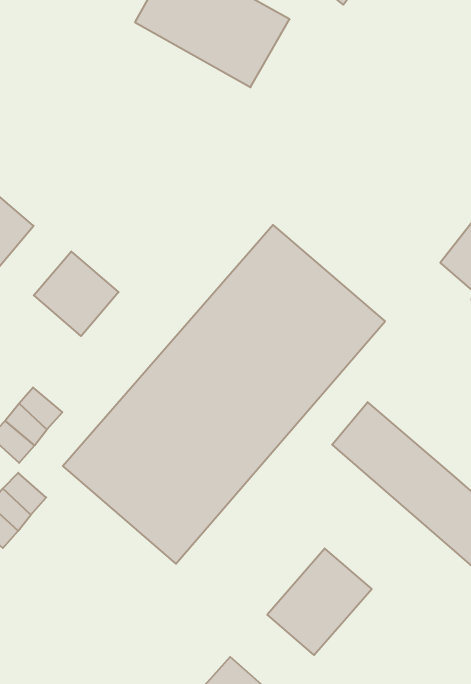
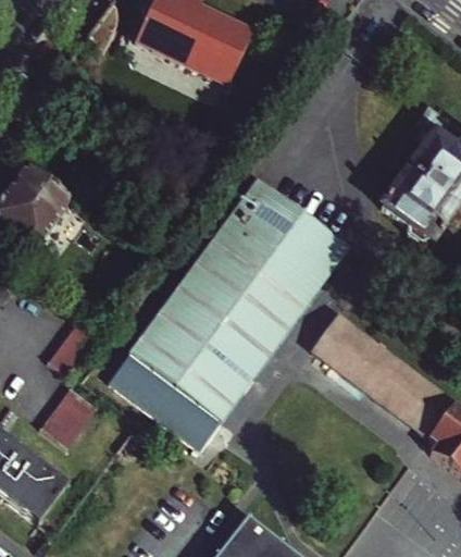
building: [34,251,119,336] -> none
building: [267,548,372,655] -> none

